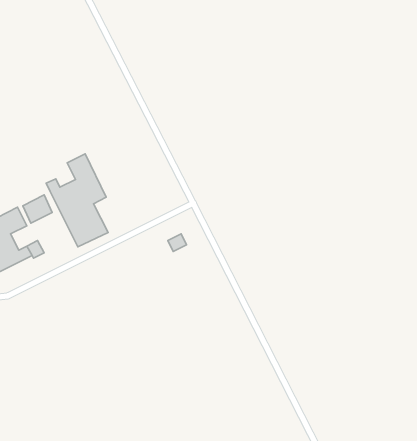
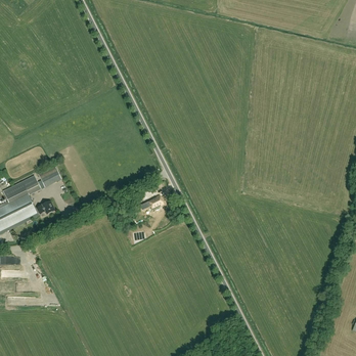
building: [46,154,108,247] -> none

